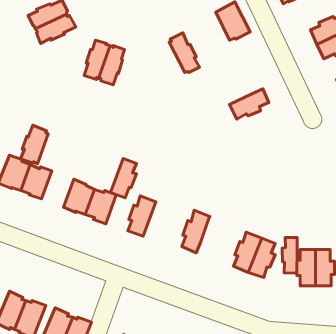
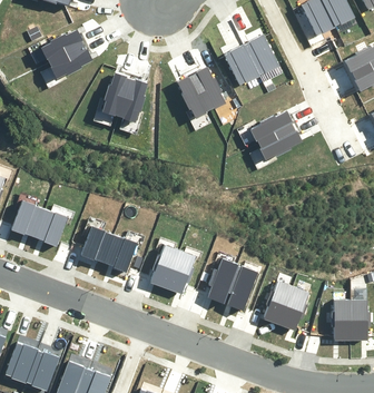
building: none -> [224,43,258,83]
building: none -> [177,75,209,117]
building: none -> [250,110,293,143]
building: [20,125,48,164] -> none
building: [111,158,137,198] -> [165,247,193,289]
building: none -> [225,264,256,308]
building: [282,237,297,273] -> none

